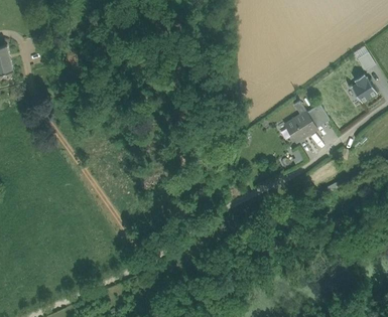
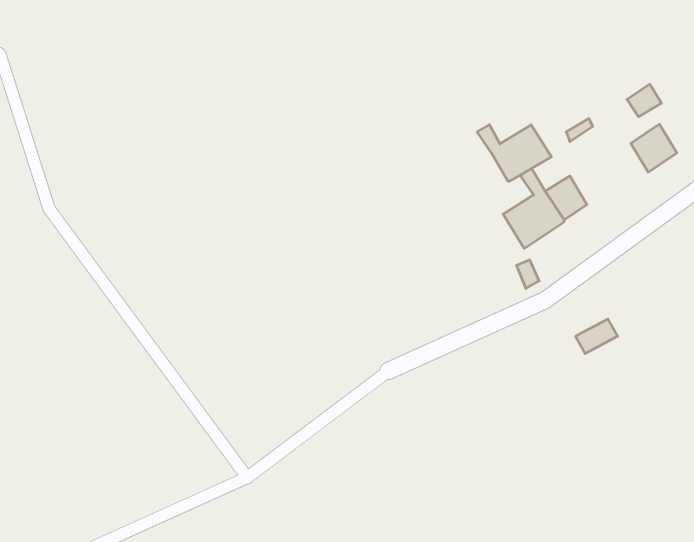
building: none -> [477,125,551,181]

